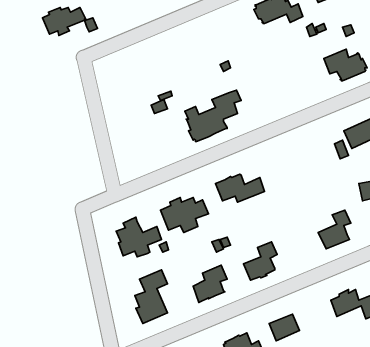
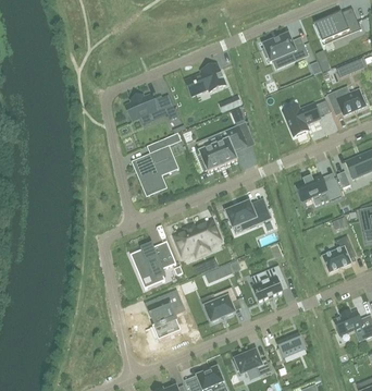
building: [43,7,97,35] -> [125,95,176,121]
building: none -> [190,63,224,93]
building: none -> [283,103,319,135]
building: none -> [134,146,171,192]
building: none -> [295,174,340,200]

